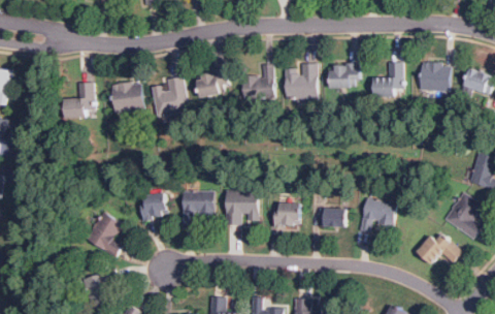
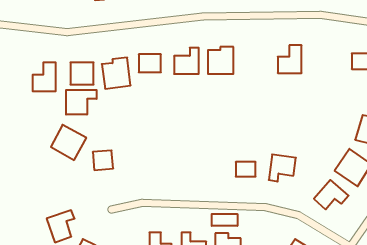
building: [421,62,450,90] -> none
building: [330,63,359,88] -> none
building: none -> [66,90,97,115]
building: [226,189,257,224] -> none
building: [183,191,213,224] -> none
building: [274,202,299,226] -> none
building: [87,212,131,256] -> [51,125,86,160]
building: none -> [212,214,237,226]

